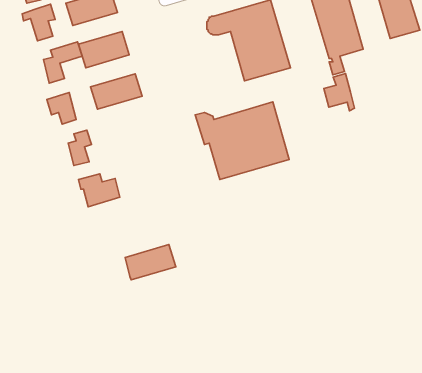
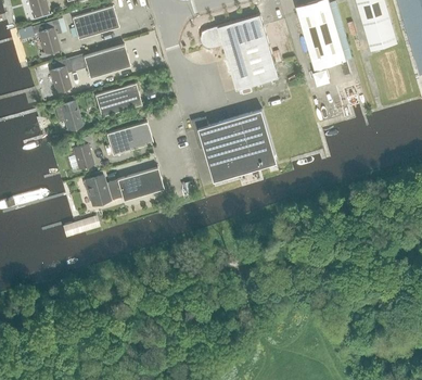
building: [324,74,355,111] -> none
building: none -> [106,122,153,155]
building: [125,245,176,280] -> [117,168,164,201]

